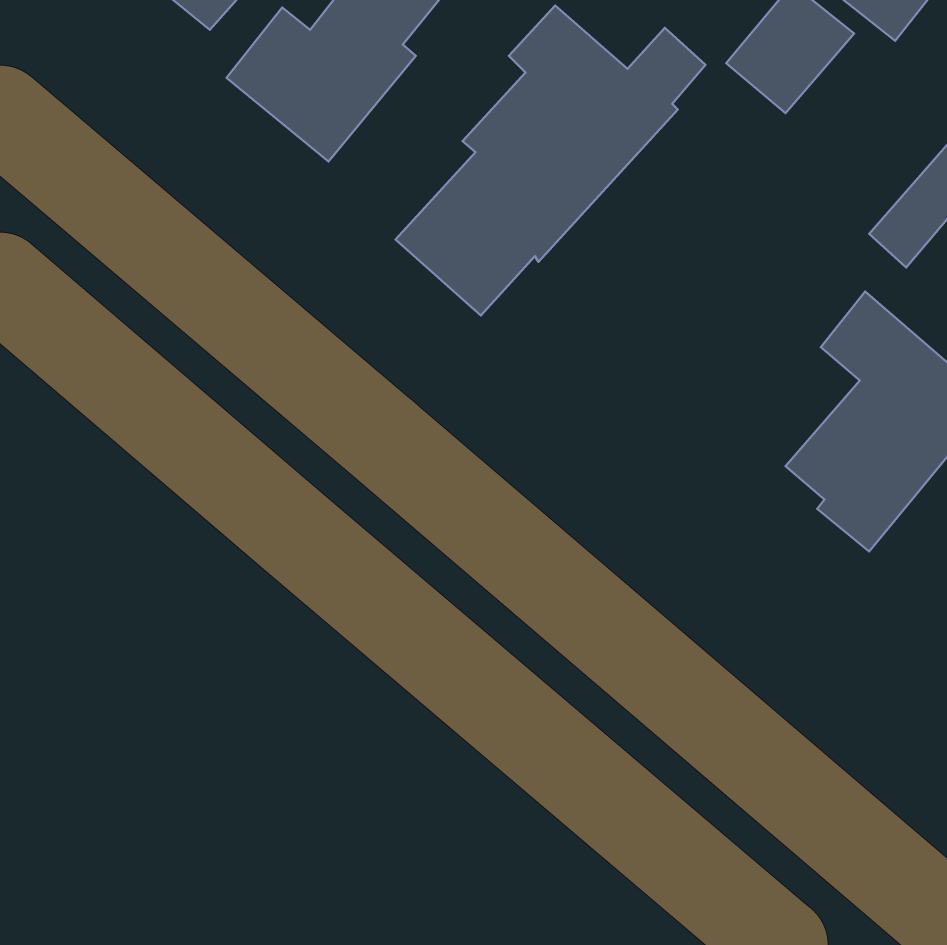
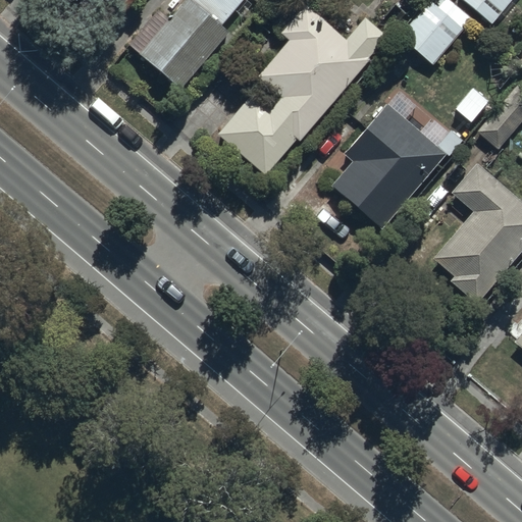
building: none -> [331,105,445,228]

